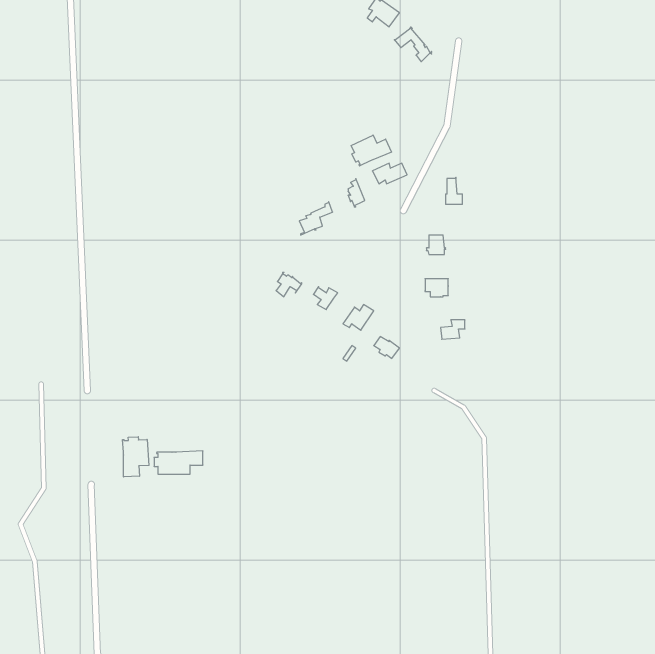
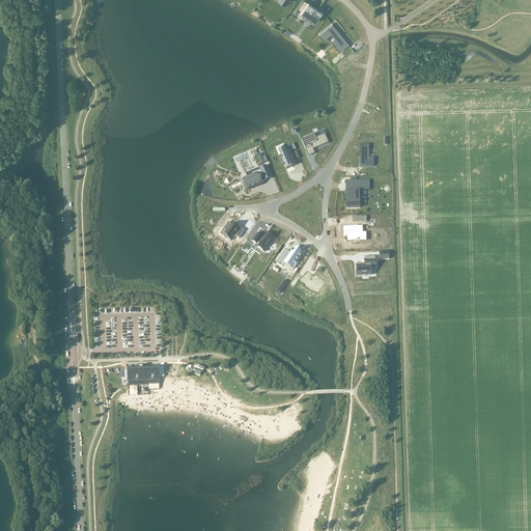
building: [351,135,392,166] -> none
building: [123,437,149,477] -> none

